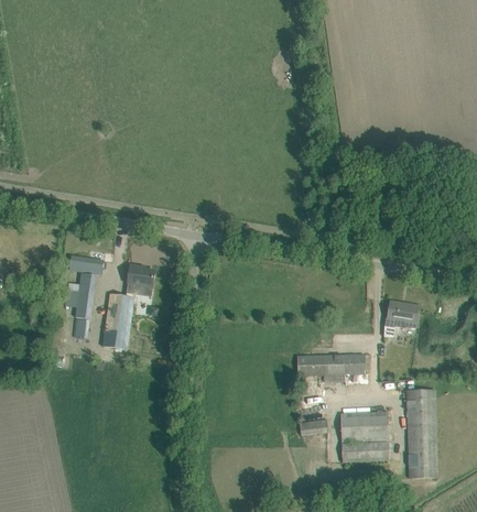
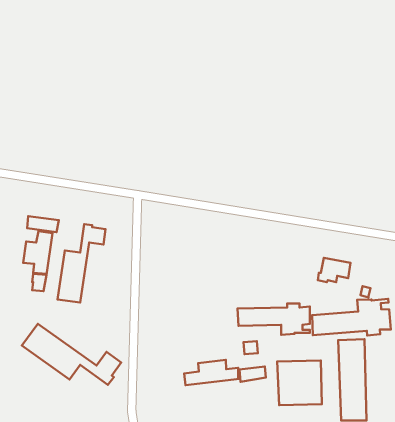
building: none -> [312,299,391,336]
building: none -> [22,324,121,385]
building: none -> [184,360,240,385]

